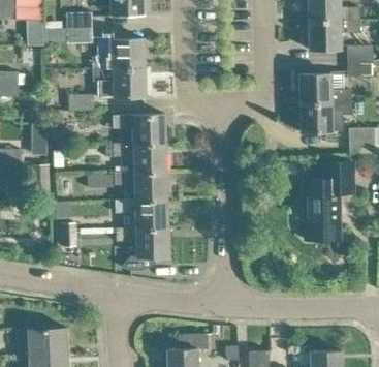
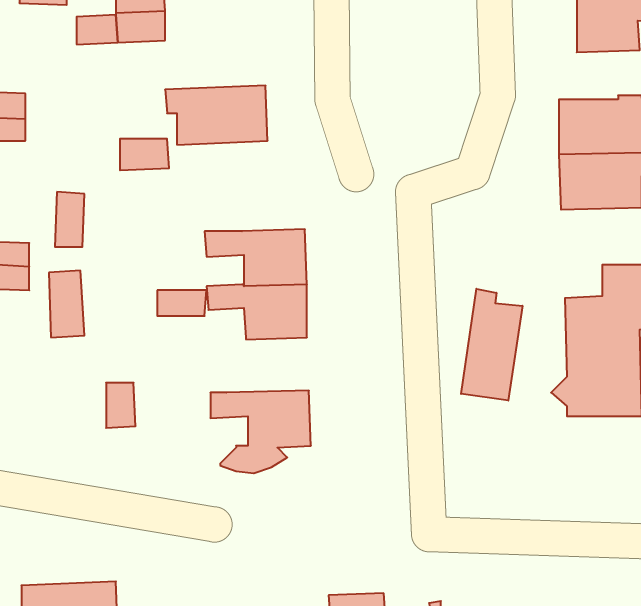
building: [92,37,145,69] -> none
building: [113,115,165,144] -> none
building: none -> [461,289,522,401]
building: [115,200,167,228] -> none

